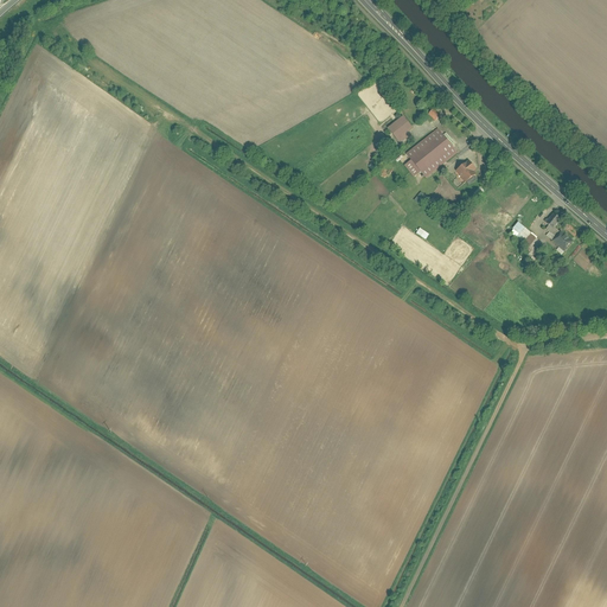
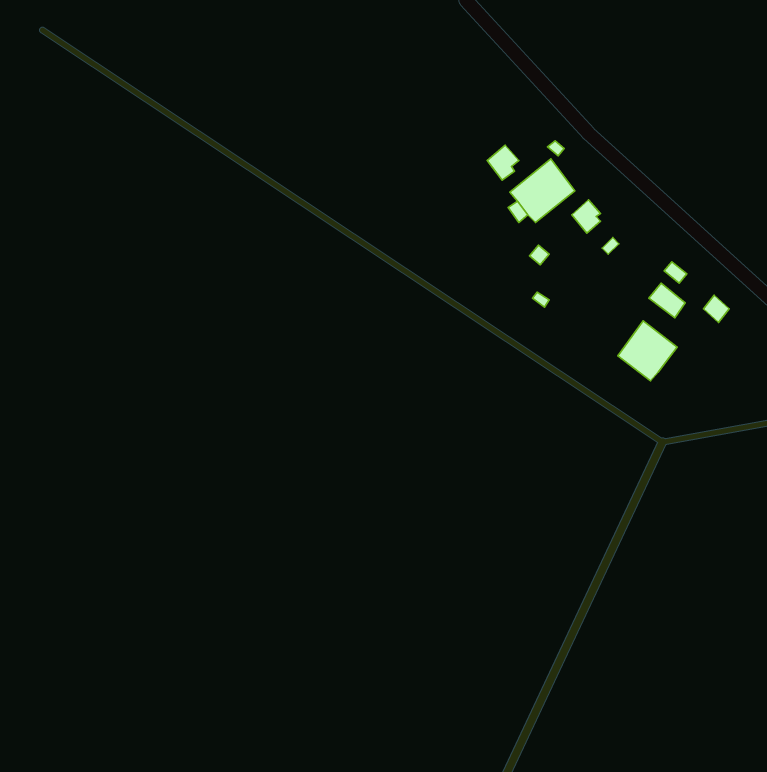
building: none -> [618,321,677,381]

